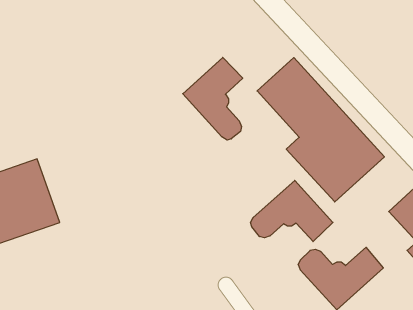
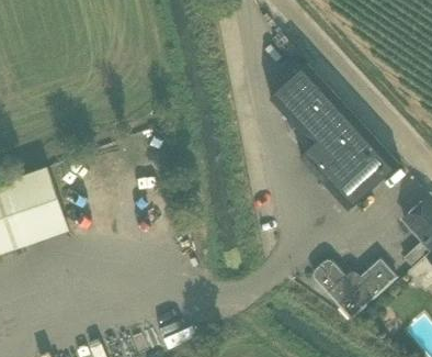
building: [183,57,243,140] -> none
building: [250,180,333,242] -> none

